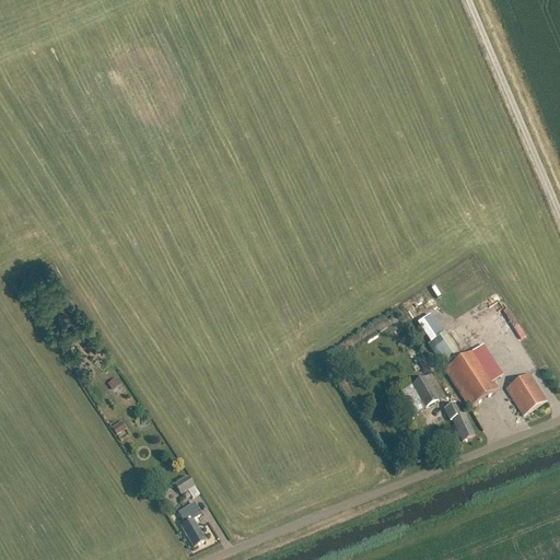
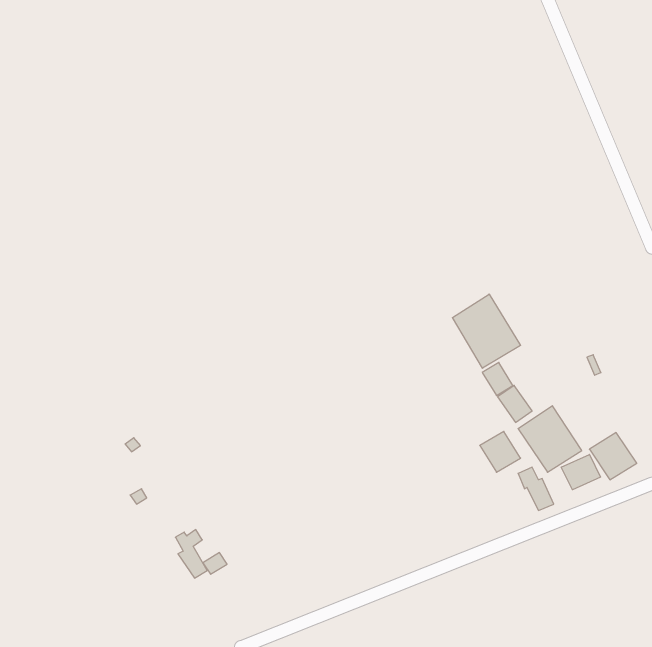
building: none -> [452,294,521,368]
building: none -> [561,454,600,490]
building: [177,502,205,544] -> [175,530,207,578]

